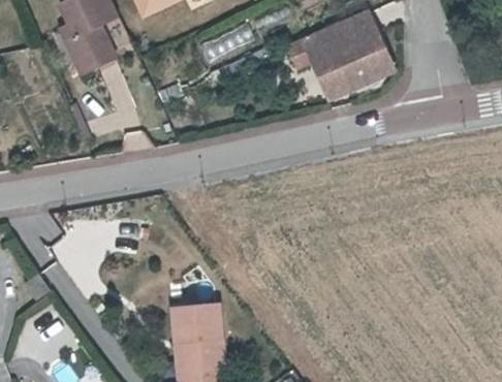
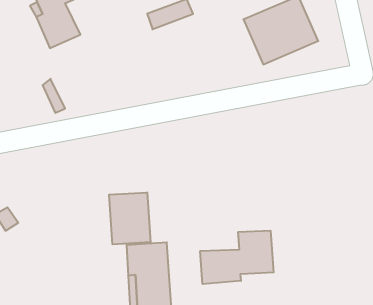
building: none -> [109,192,151,244]
building: none -> [200,231,274,284]

